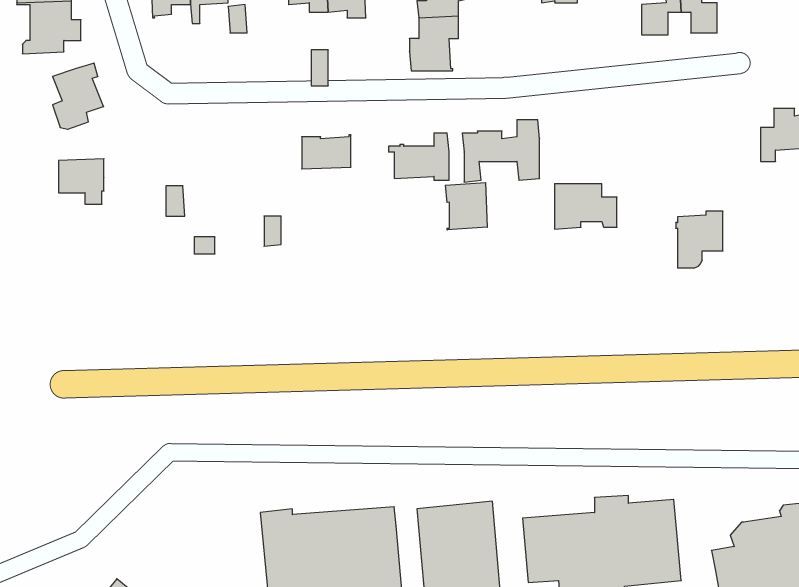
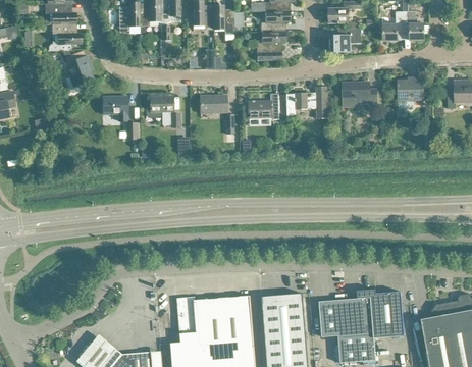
building: none -> [328,28,361,52]
building: none -> [149,96,179,127]
building: [59,159,104,204] -> [102,96,126,120]
building: [445,183,487,230] -> none
building: [555,184,617,229] -> [343,83,376,107]
building: [676,211,723,268] -> [397,77,422,108]

